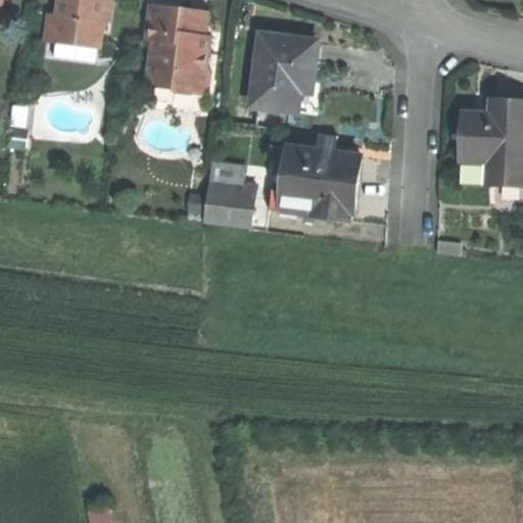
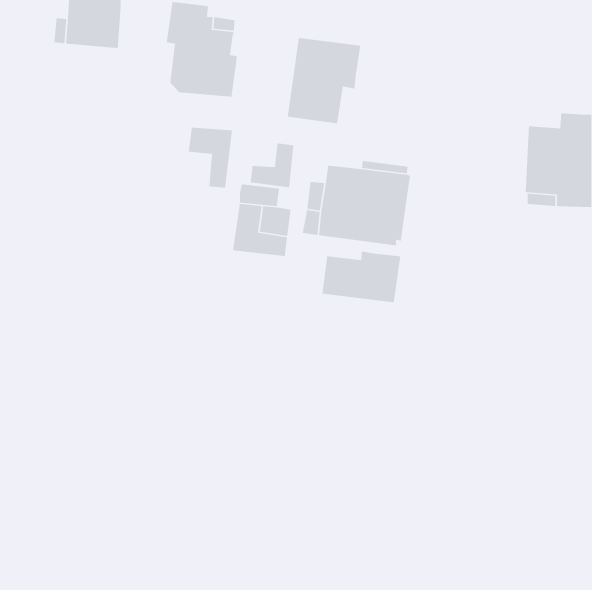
building: none -> [188,127,233,189]
building: none -> [250,142,294,188]
building: none -> [322,250,401,303]

